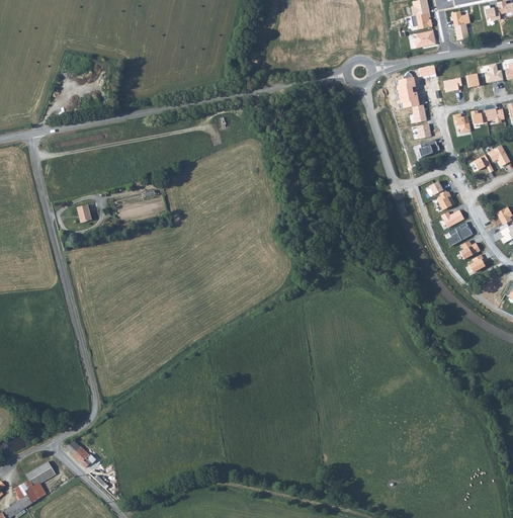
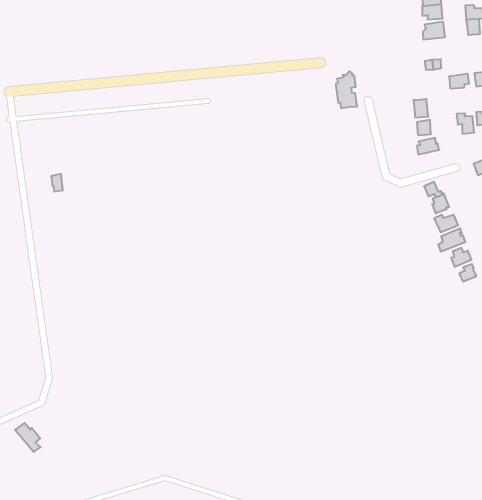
building: [397,73,419,108] -> [336,71,357,108]

